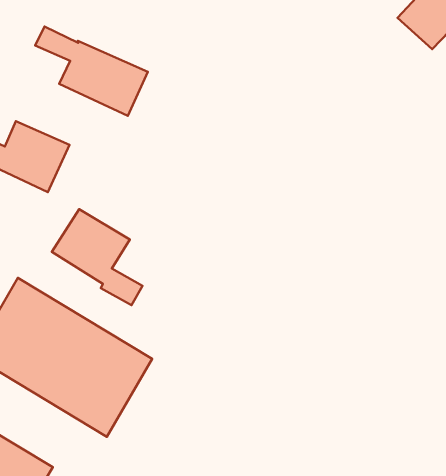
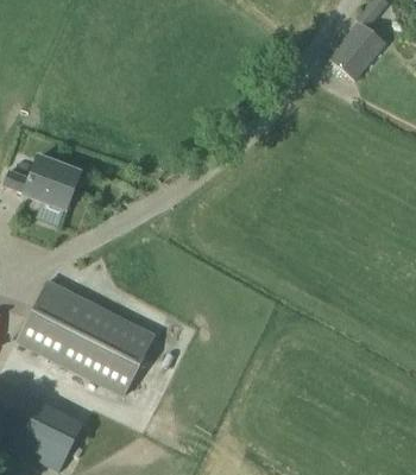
building: [35,27,148,116] -> none
building: [52,209,142,305] -> none

